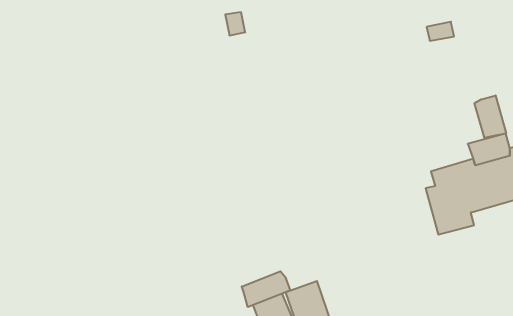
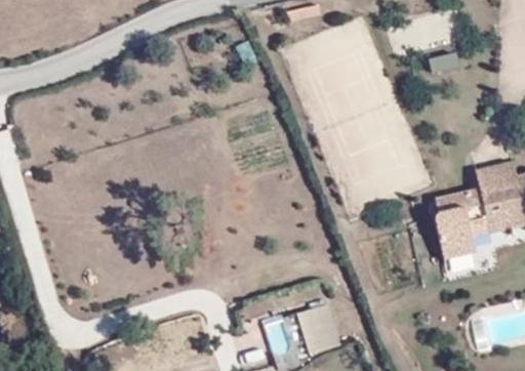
building: [475,95,506,138] -> none
building: [242,271,290,307] -> none

